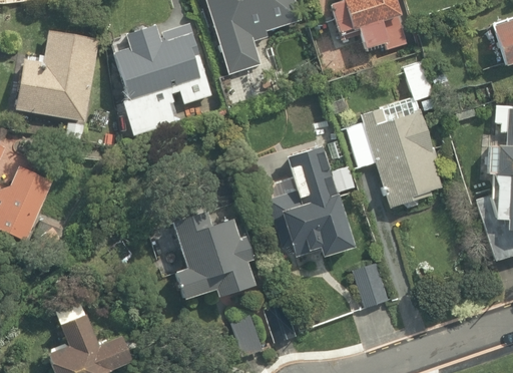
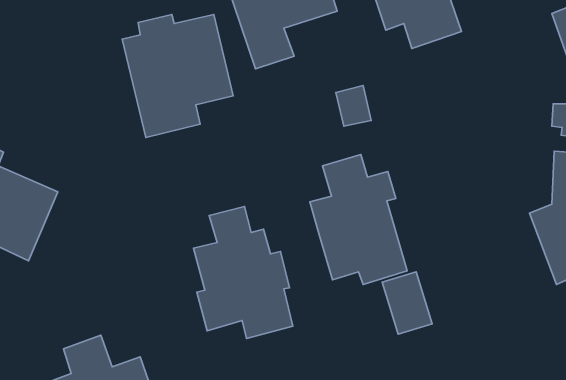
building: [18,30,99,122] -> none
building: [343,56,446,211] -> none

